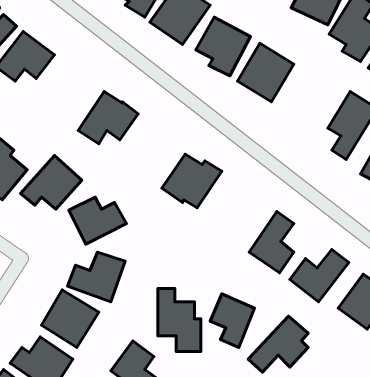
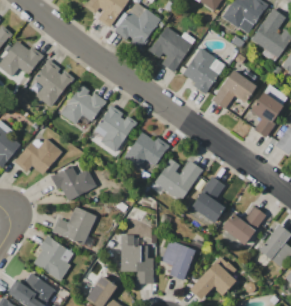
building: none -> [34,59,73,107]
building: none -> [213,69,257,108]
building: none -> [95,105,137,152]
building: none -> [155,158,203,201]

